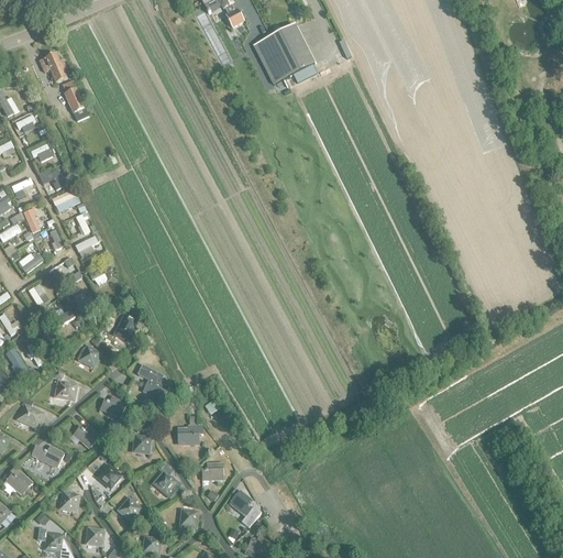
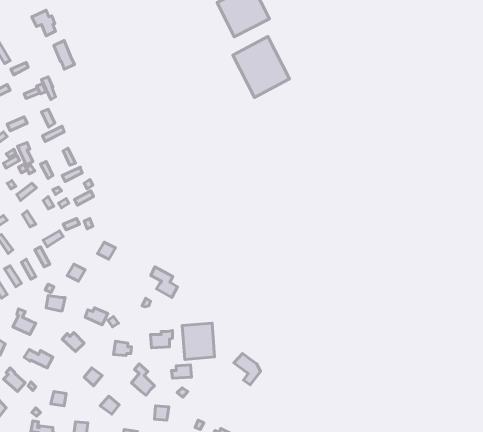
building: none -> [233,36,290,98]
building: [135,364,166,400] -> [151,267,178,297]
building: none -> [182,323,215,359]
building: [228,491,258,527] -> [234,353,261,385]

